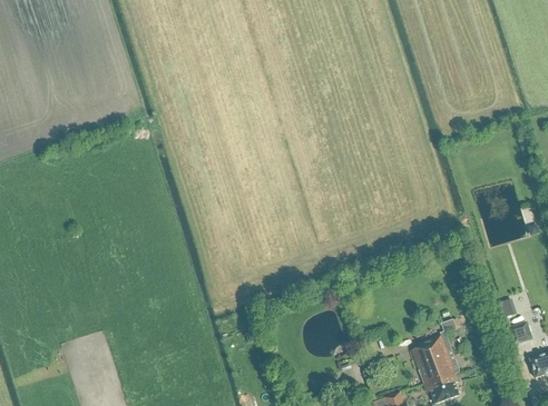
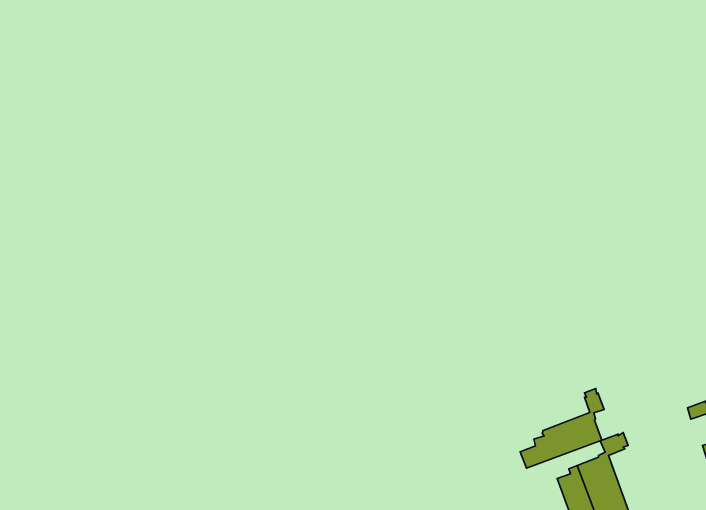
building: none -> [520,389,604,468]

